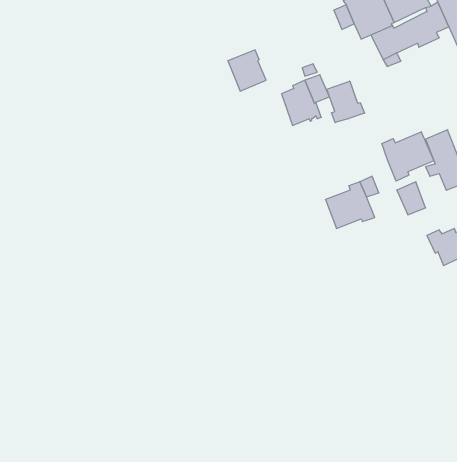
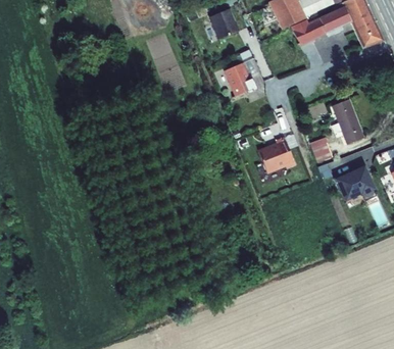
building: [228,50,266,91] -> [209,8,238,39]
building: [327,81,364,123] -> none
building: [382,132,434,181] -> none

